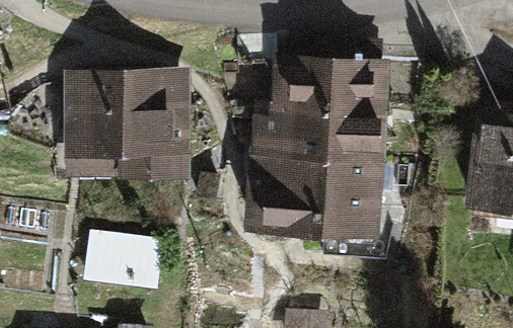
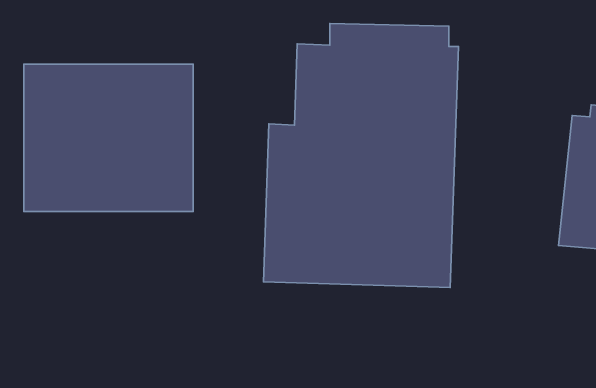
building: [85,232,163,290] -> none

